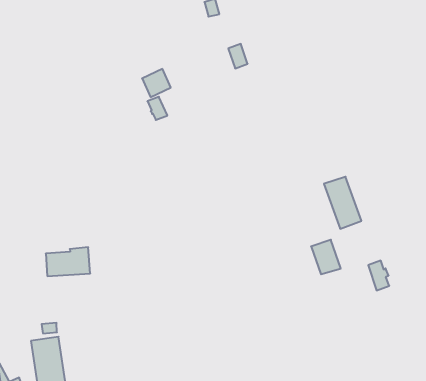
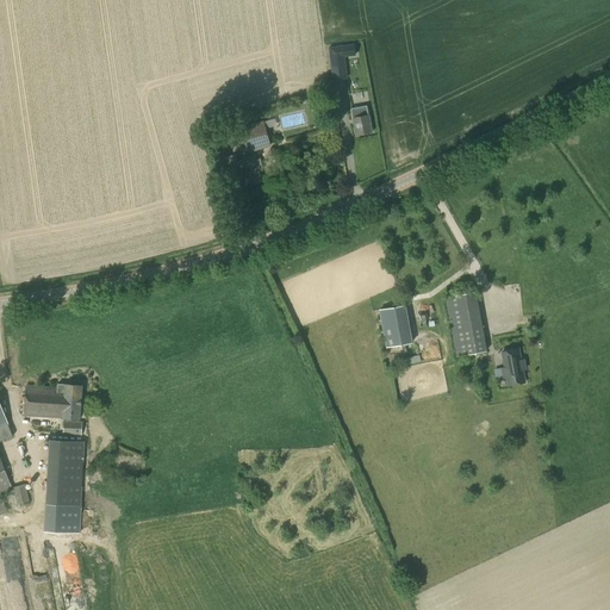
building: [311,240,341,274] -> [379,305,412,347]
building: [46,247,90,276] -> [24,385,81,419]
building: [368,261,389,290] -> [502,348,525,385]

